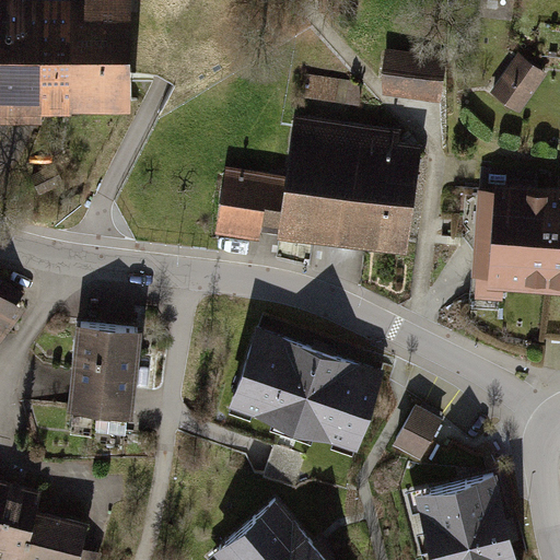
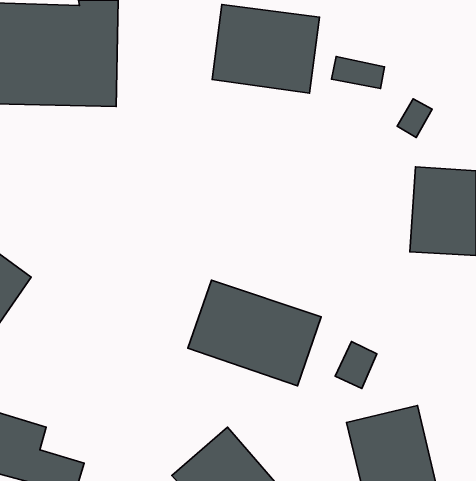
building: none -> [212,4,319,93]
building: [493,68,534,113] -> [397,99,432,137]
building: [219,128,417,255] -> none
building: [70,329,147,421] -> none

